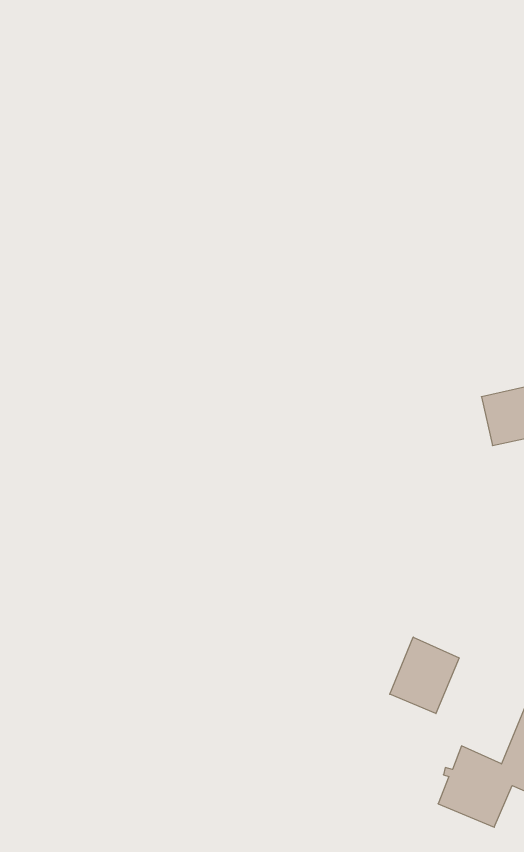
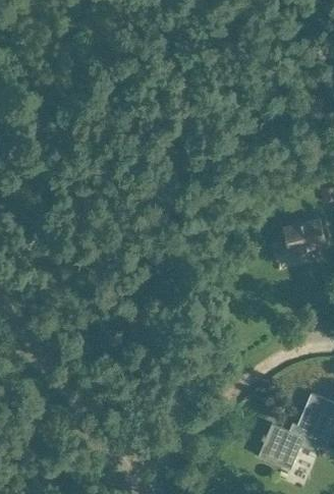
building: [390,637,459,714] -> none

